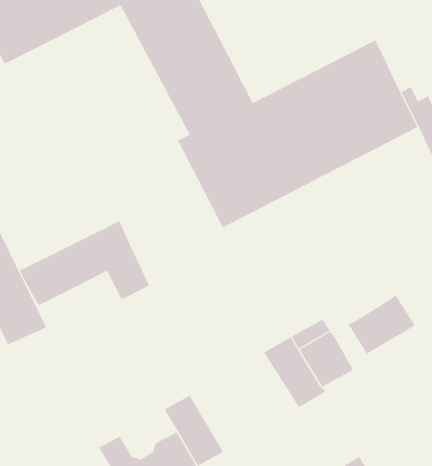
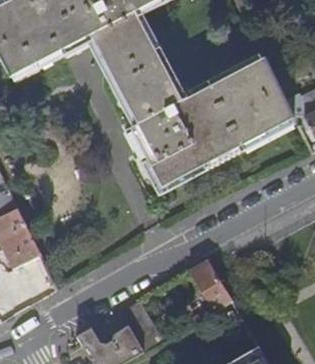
building: [19,221,150,306] -> none
building: [347,295,416,355] -> none

